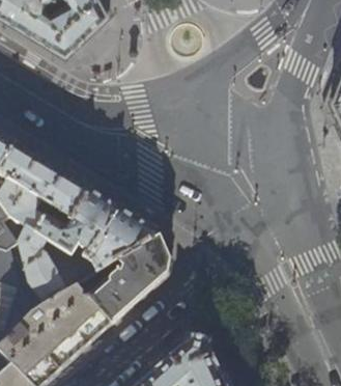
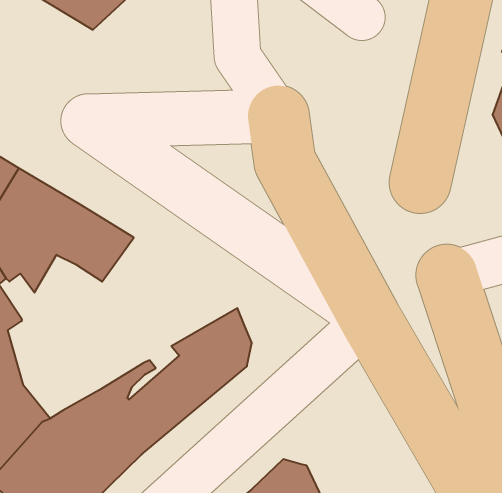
building: [19,188,161,302] -> none

